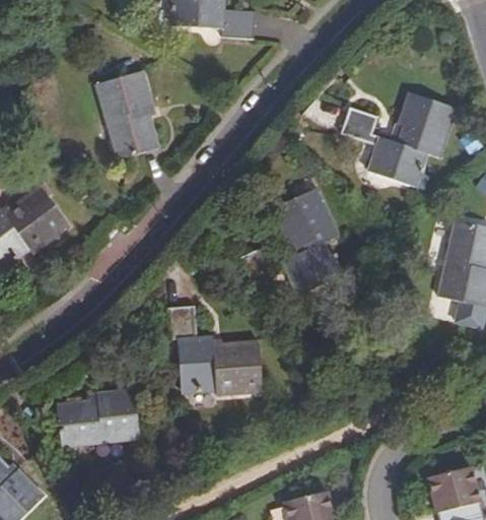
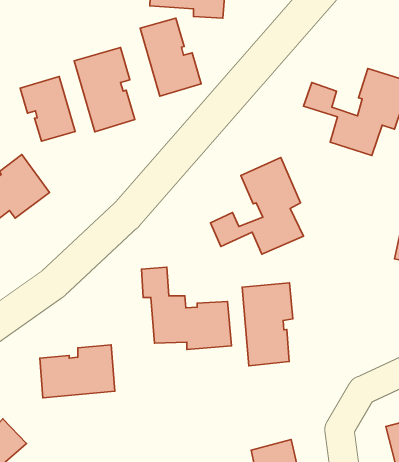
building: none -> [140,18,201,96]
building: none -> [20,76,75,141]
building: none -> [242,283,293,366]

